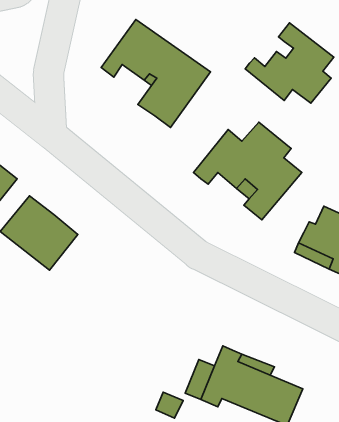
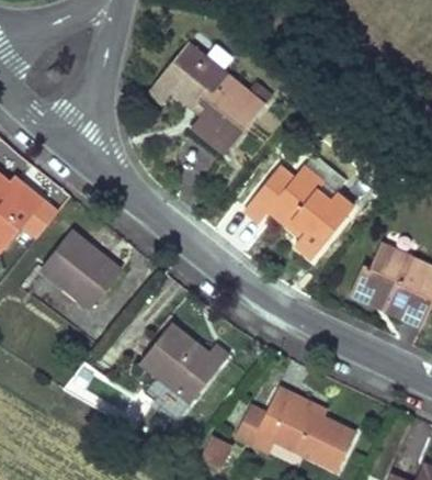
building: [245,23,334,103] -> none
building: none -> [137,321,228,404]

